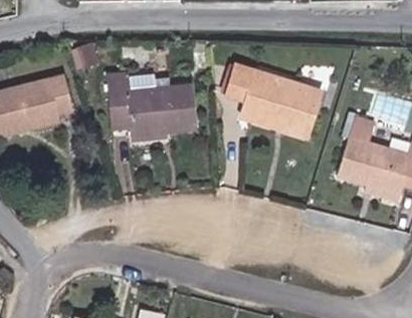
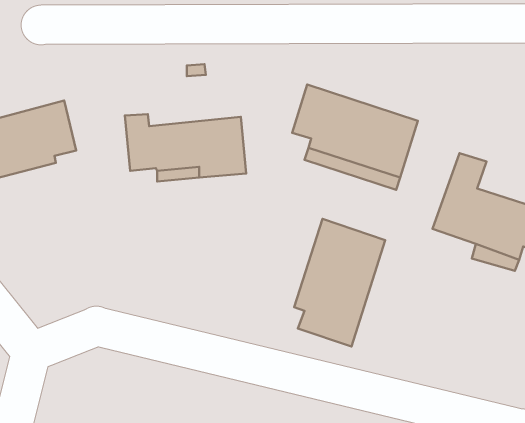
building: none -> [294,219,385,347]

